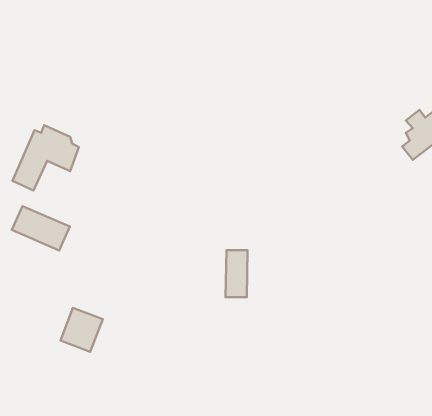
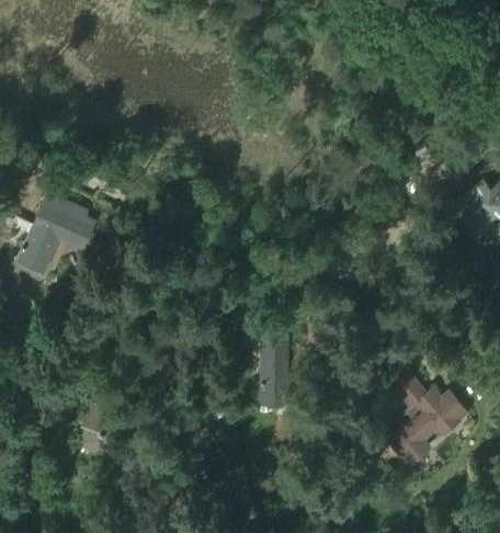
building: [12,206,70,250] -> none
building: none -> [385,371,459,465]

